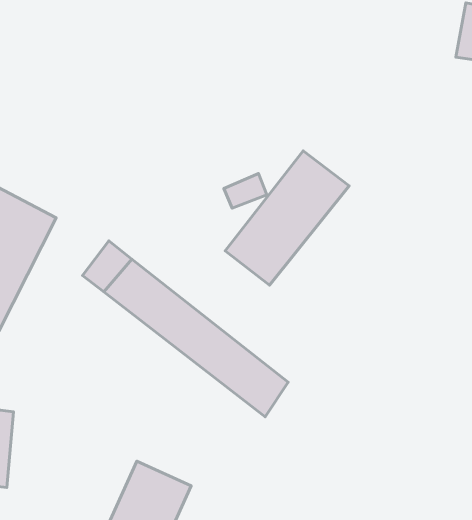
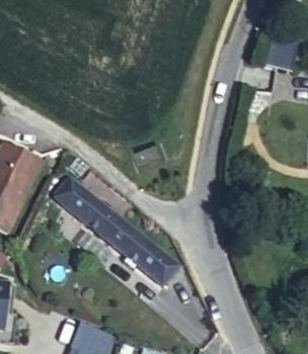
building: [225,151,349,285] -> none

